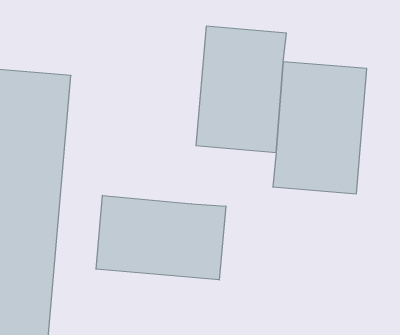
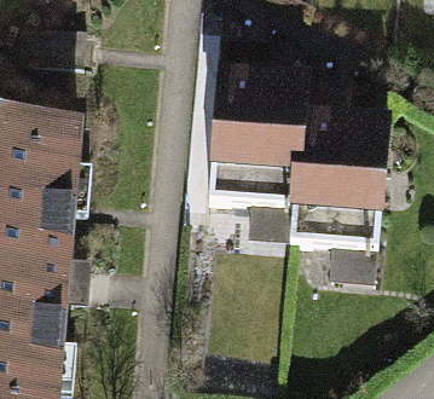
building: [96,195,226,280] -> none

